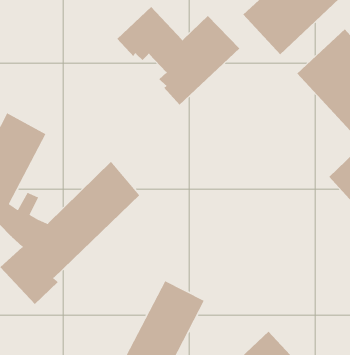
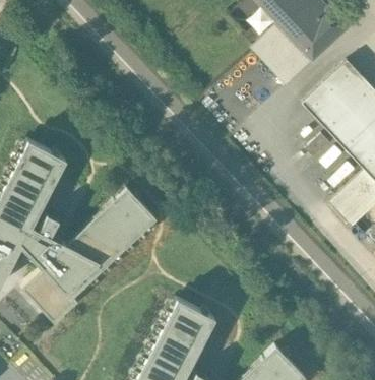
building: [116,6,240,106] -> none

